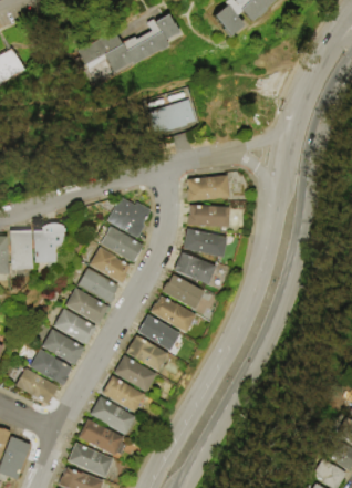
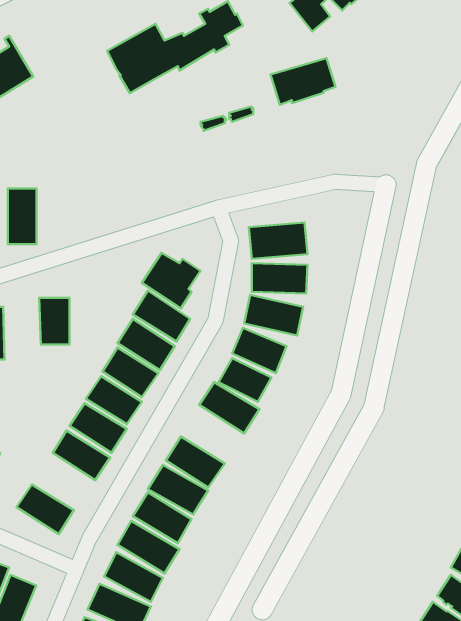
building: [152,98,199,133] -> [271,58,335,105]
building: [9,231,30,272] -> [8,188,36,244]
building: [136,313,179,351] -> none
building: [30,349,73,386] -> none

